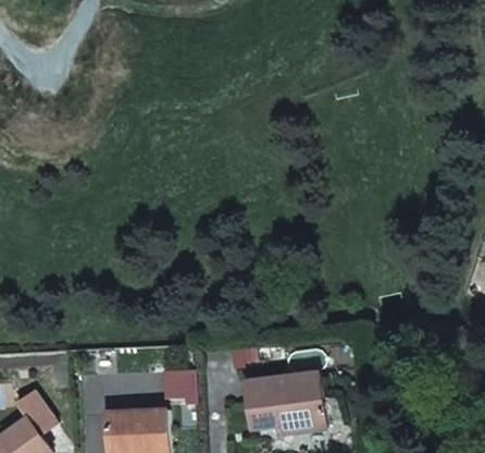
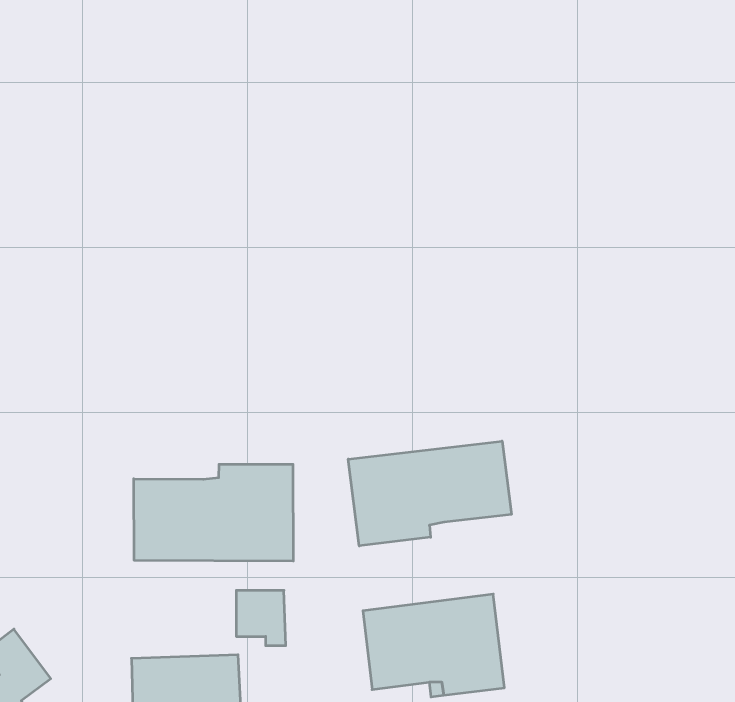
building: none -> [348,441,511,546]
building: none -> [134,464,293,561]

